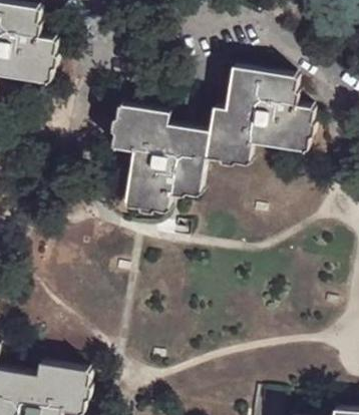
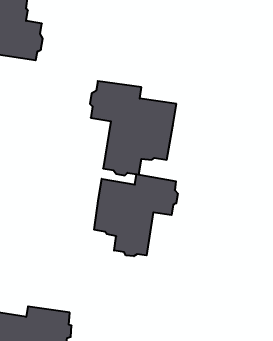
building: [206,67,314,164] -> none
building: none -> [94,174,178,256]

